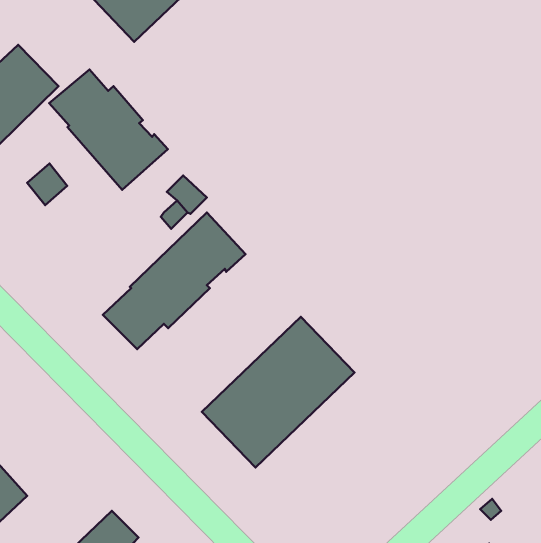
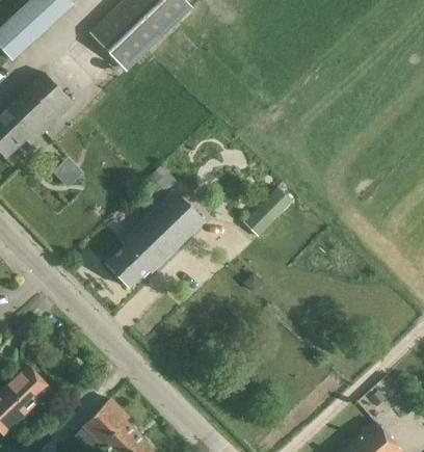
building: [49,69,168,190] -> none
building: none -> [241,186,292,237]
building: [202,317,354,467] -> none

